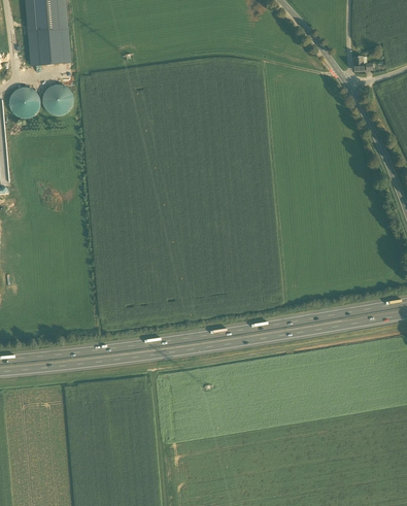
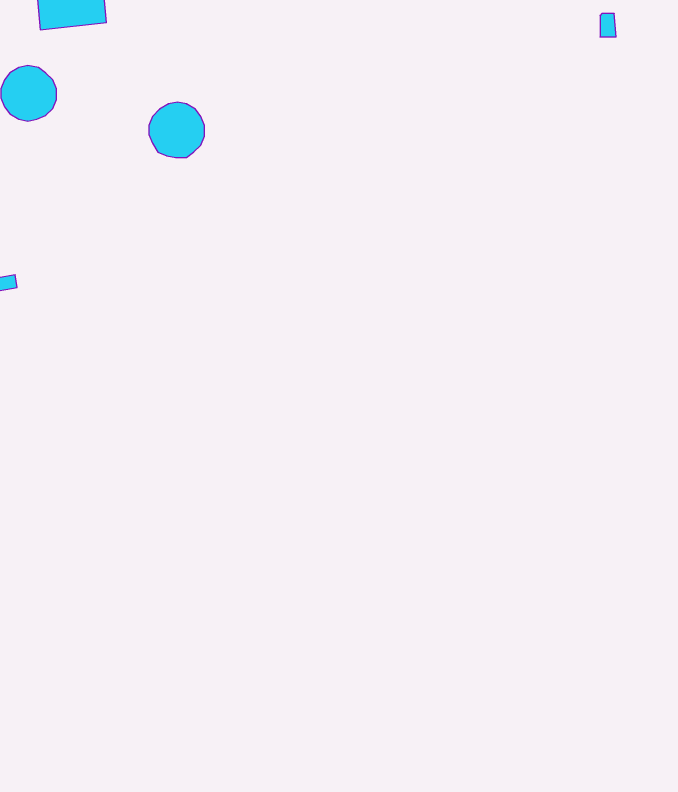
building: [41,83,73,115] -> [149,102,204,158]

